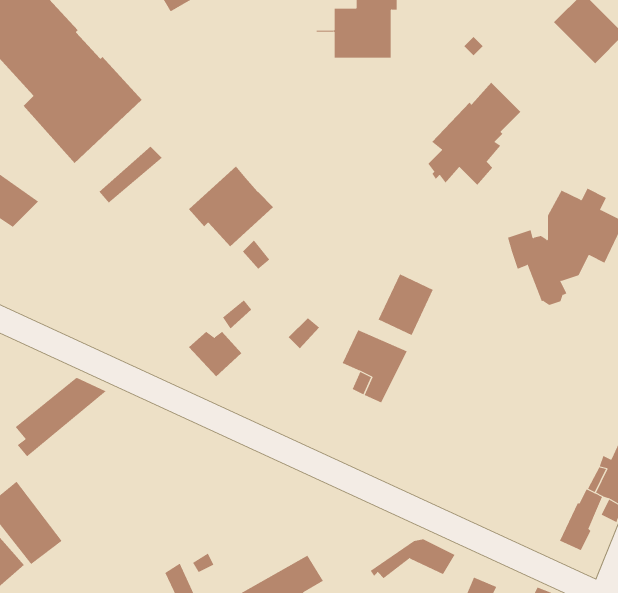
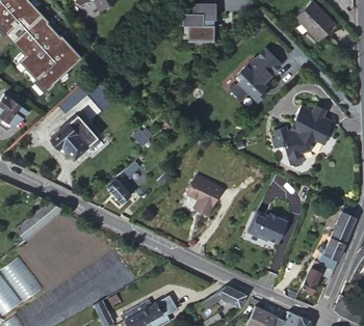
building: [188,165,274,247] -> [52,114,97,157]
building: [378,274,434,336] -> none
building: none -> [249,212,287,241]

